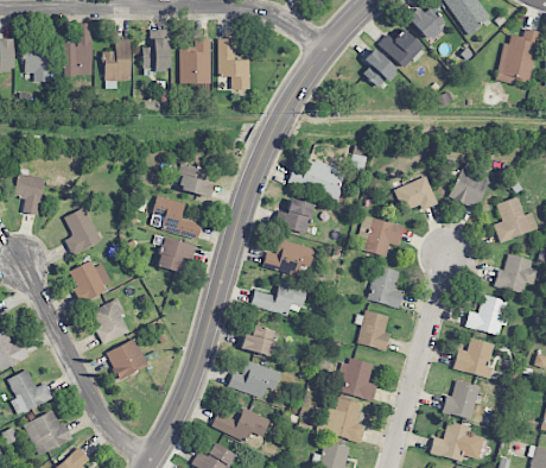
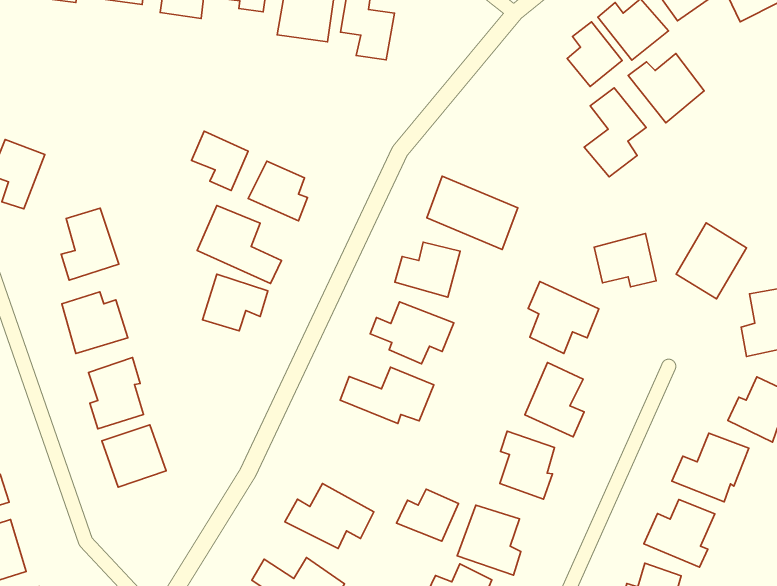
building: none -> [628,54,704,123]
building: none -> [584,88,646,177]
building: none -> [192,131,248,191]
building: [240,324,277,355] -> [397,489,458,541]

